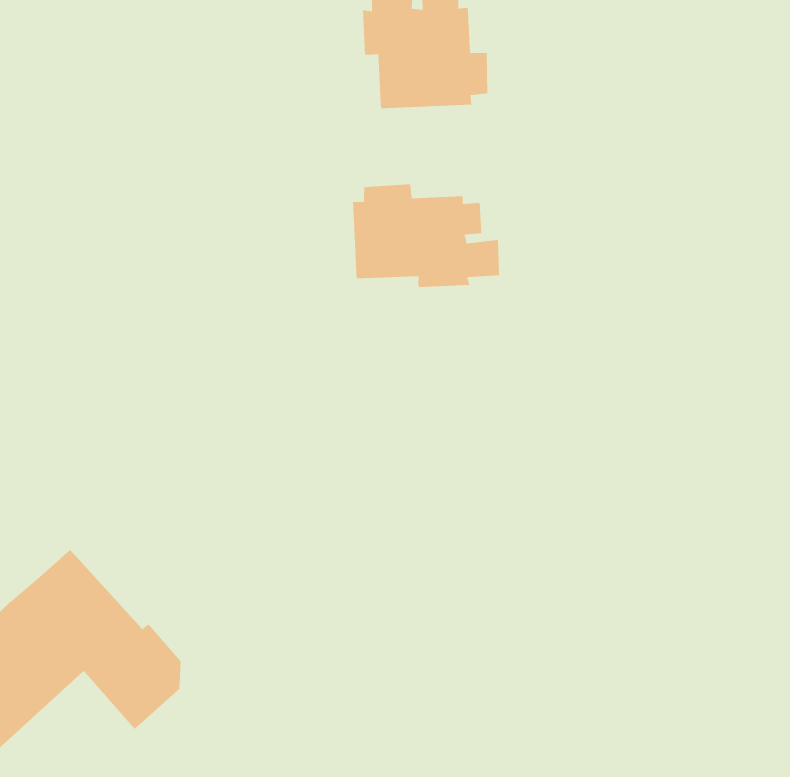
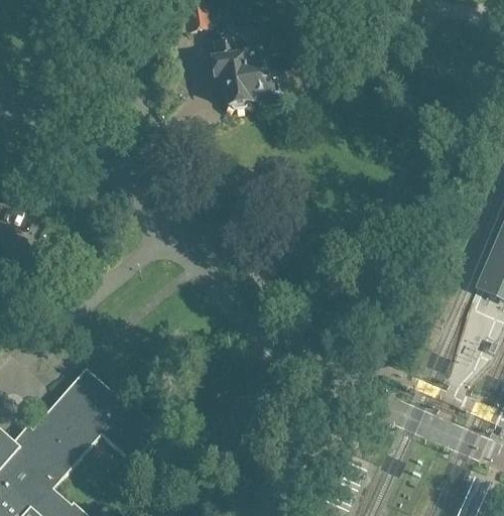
building: [353,184,500,288] -> none

